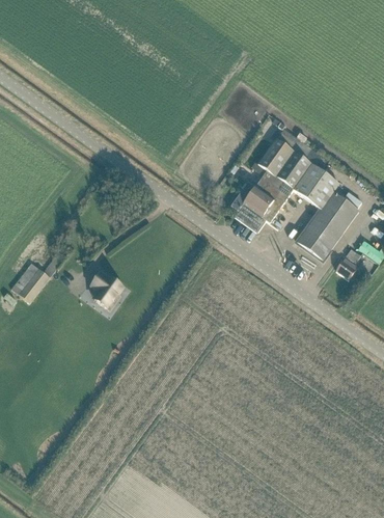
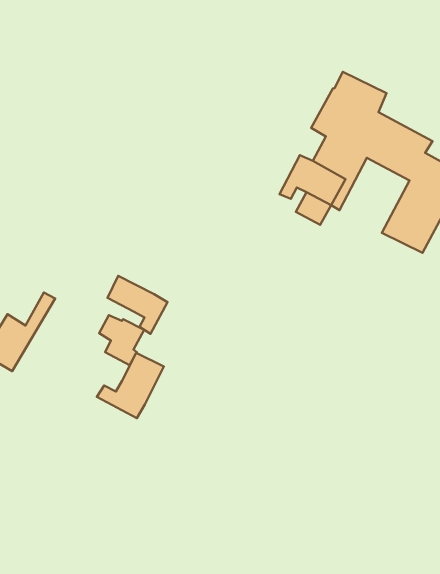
building: none -> [107,276,167,334]
building: none -> [97,353,164,418]

